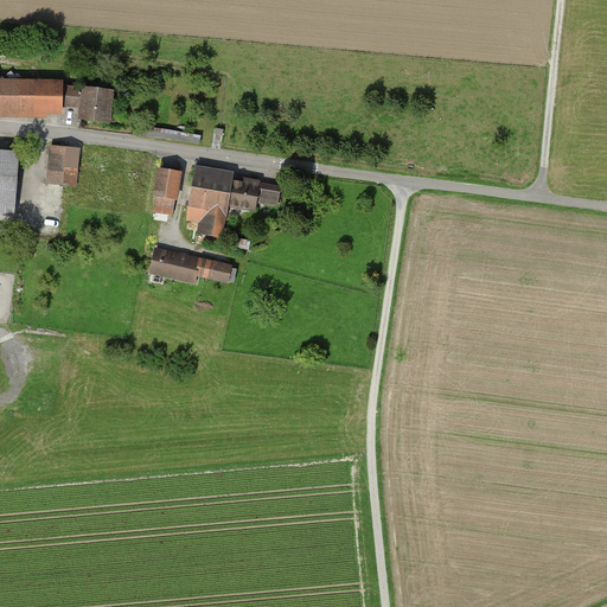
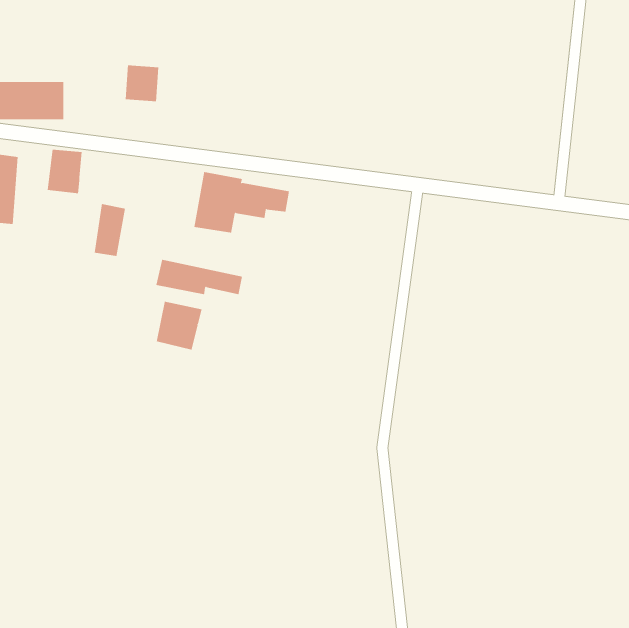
building: [79,84,113,120] -> [125,65,159,102]
building: [151,165,181,216] -> [94,203,126,256]
building: none -> [156,301,202,351]

